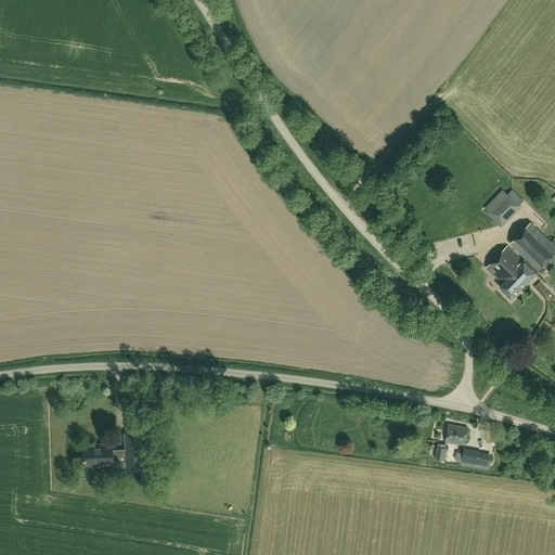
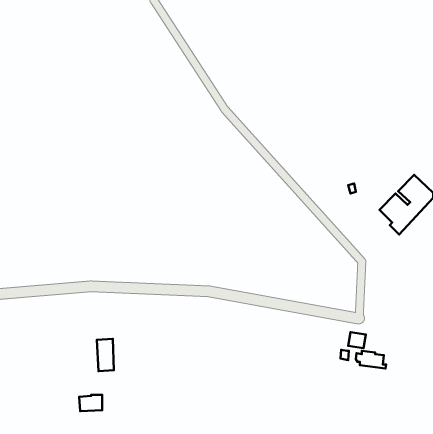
building: [483,190,522,227] -> none
building: [82,444,112,465] -> [79,395,102,411]

